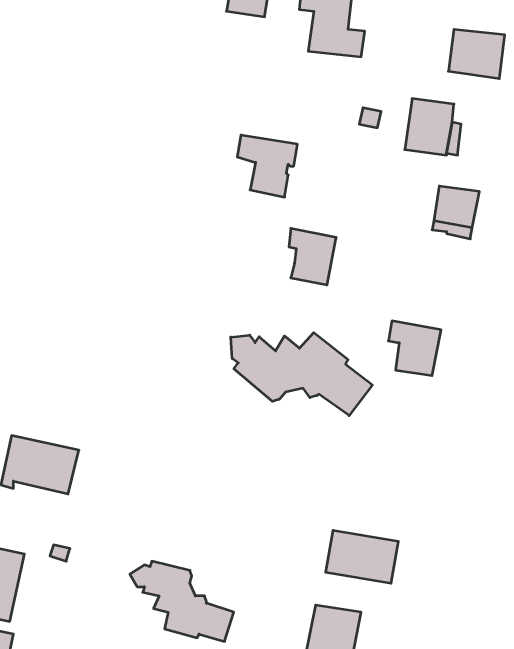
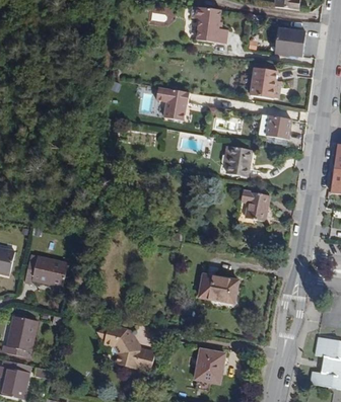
building: [289,228,336,285] -> [225,145,252,176]
building: [231,333,372,416] -> none
building: [326,530,398,583] -> [198,273,238,303]

